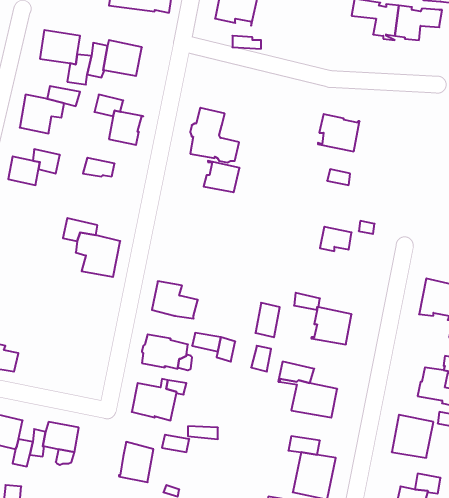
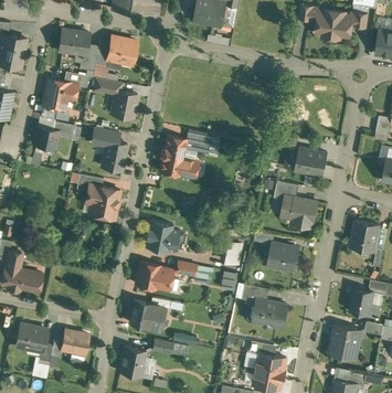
building: [190,108,239,162] -> [160,137,198,179]
building: [318,114,360,151] -> [295,148,327,177]
building: none -> [102,141,127,172]
building: none -> [282,197,317,227]

